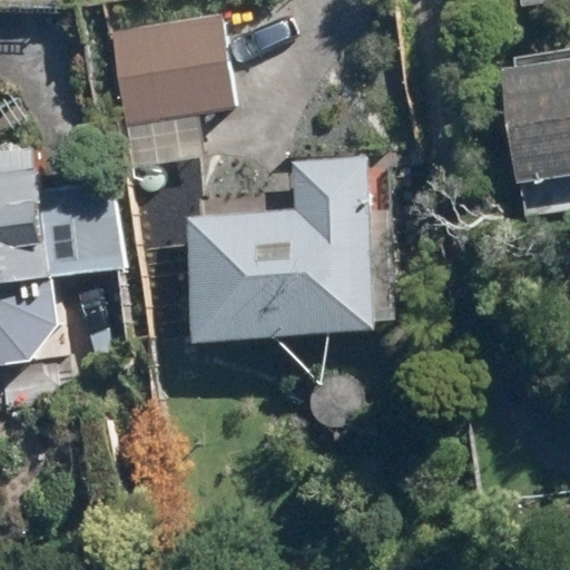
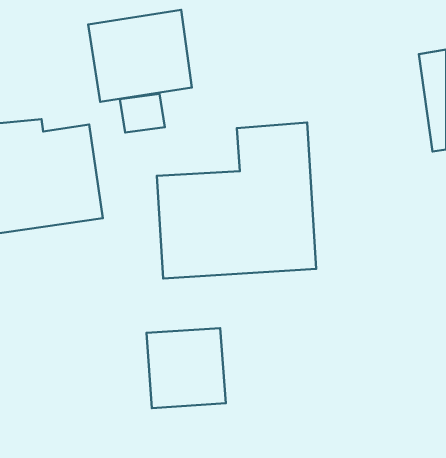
building: none -> [147,328,226,408]

